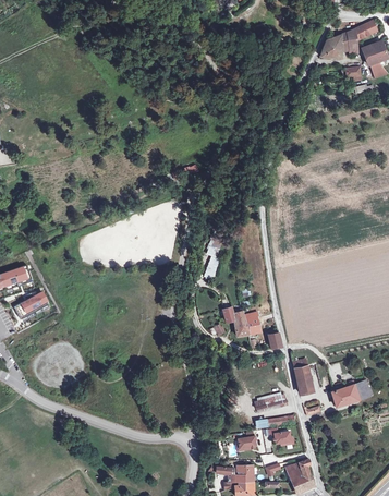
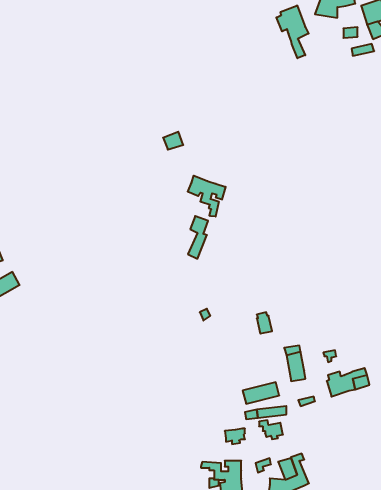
building: none -> [276,5,309,58]
building: none -> [188,176,226,217]
building: [222,306,259,336] -> none

